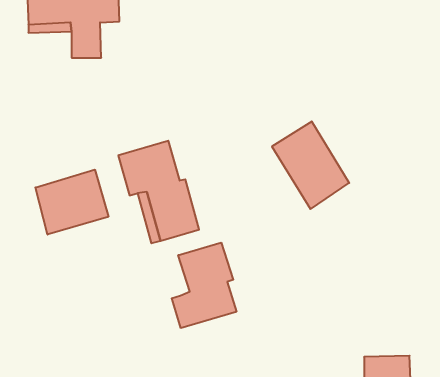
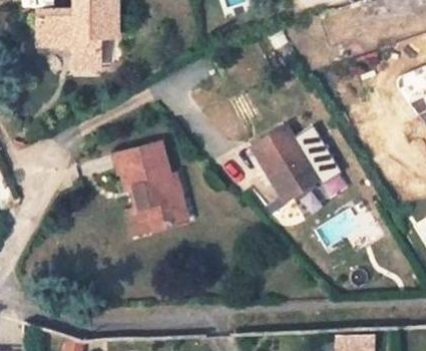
building: [35,170,108,235] -> none
building: [172,243,236,328] -> none

